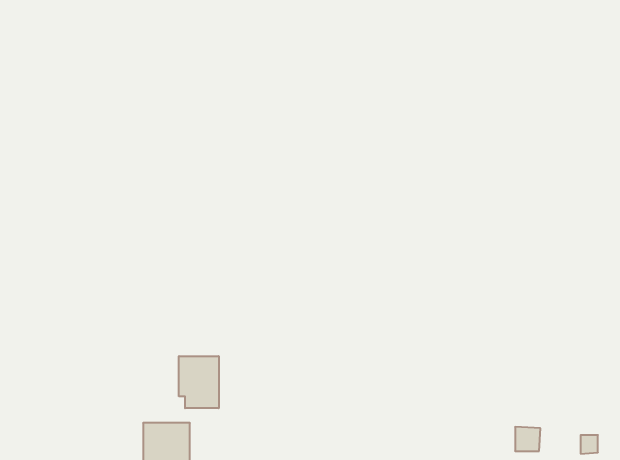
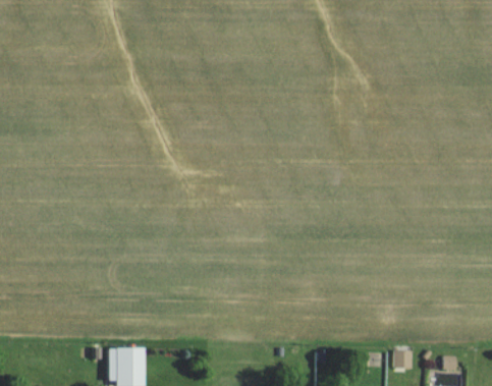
building: [179,356,219,408] -> none

